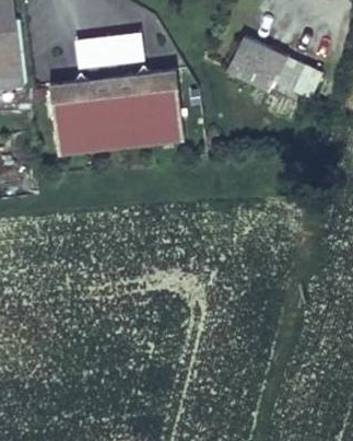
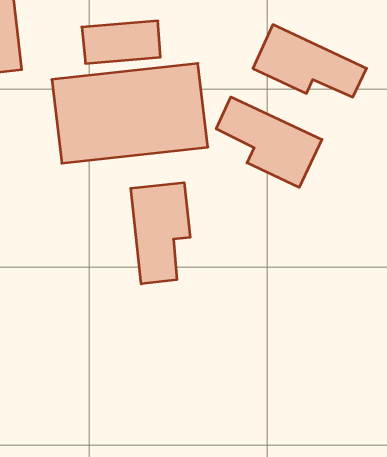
building: none -> [216,97,322,187]
building: none -> [131,183,190,284]

